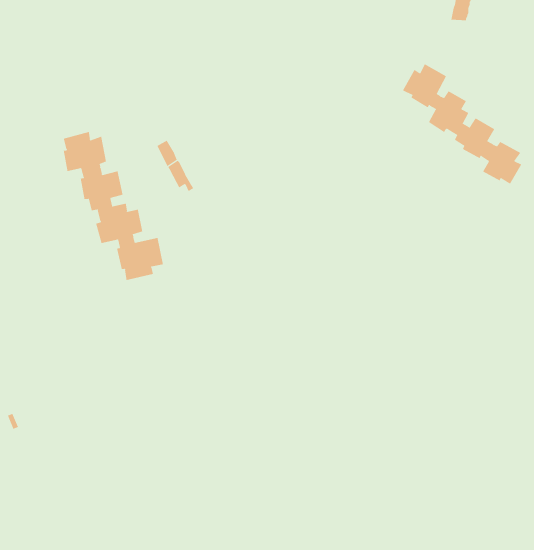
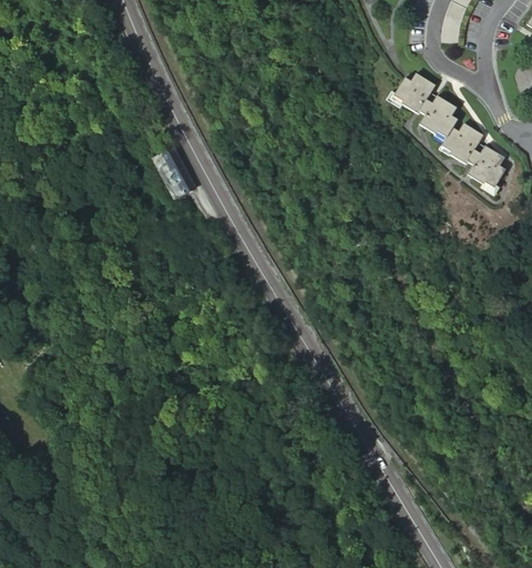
building: [63,131,164,281] -> none

